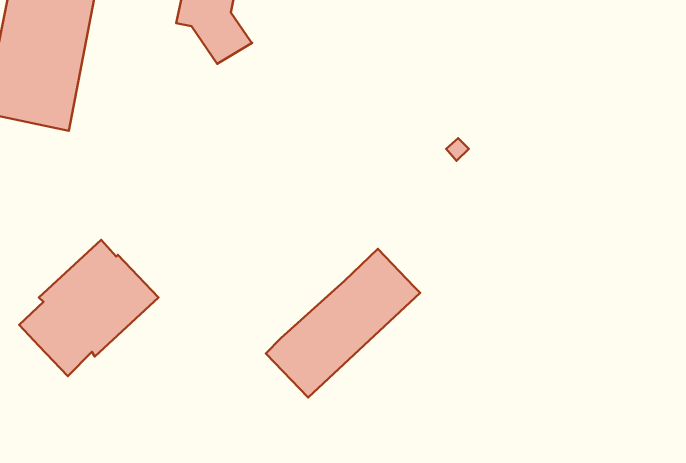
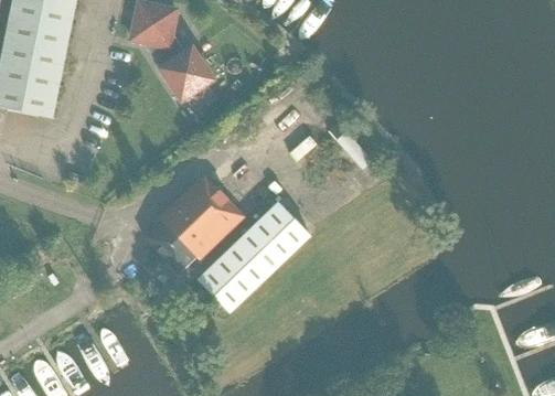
building: none -> [161,47,213,99]
building: [19,240,159,376] -> [143,174,245,274]

